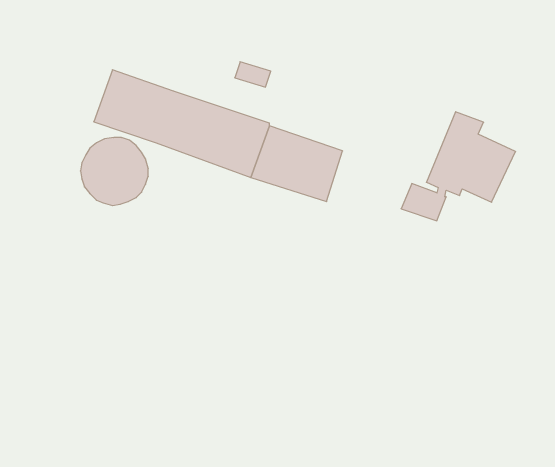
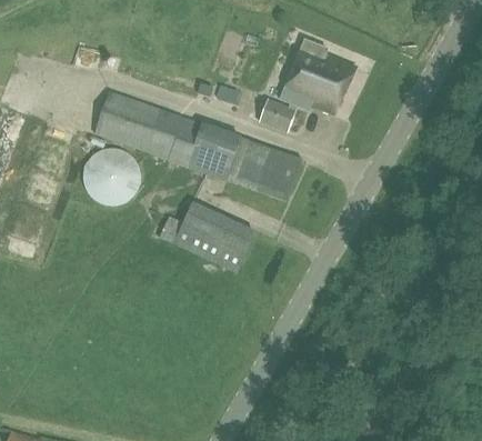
building: [401,112,516,221] -> [259,40,354,131]
building: none -> [159,202,255,273]

